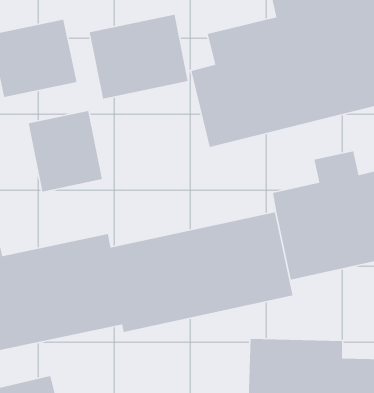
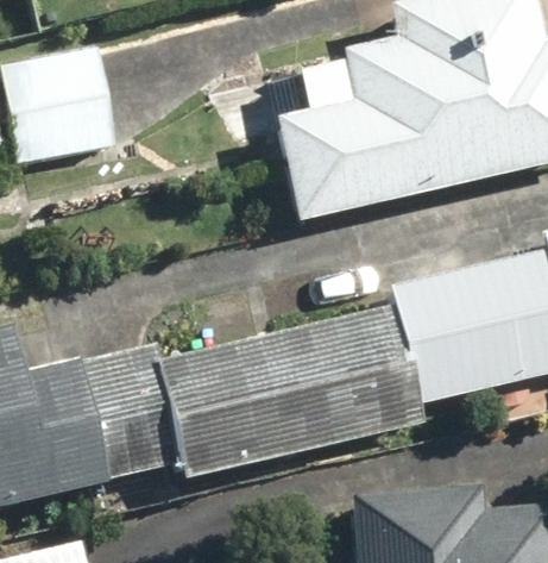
building: [89,14,189,99] -> none
building: [28,110,103,192] -> none

